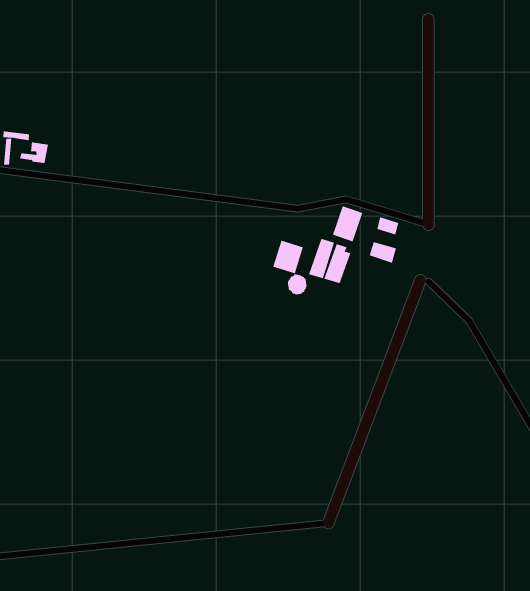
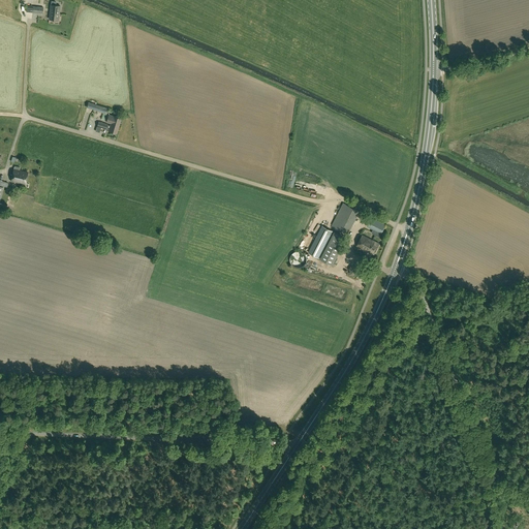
building: [272,240,304,274] -> none

